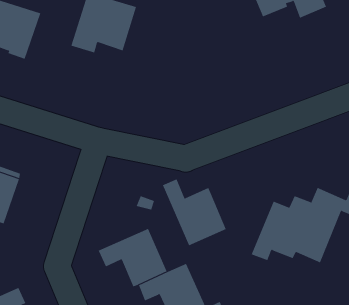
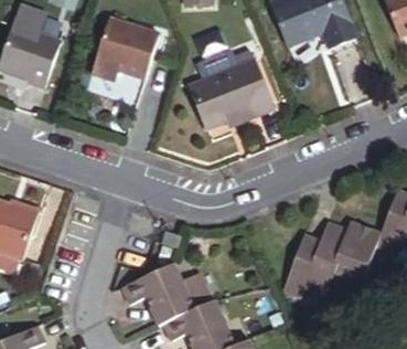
building: none -> [188,57,272,129]
building: [162,178,227,246] -> none

